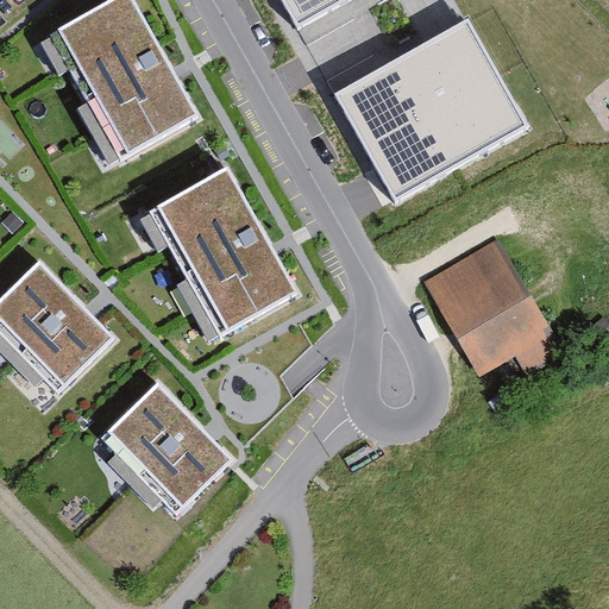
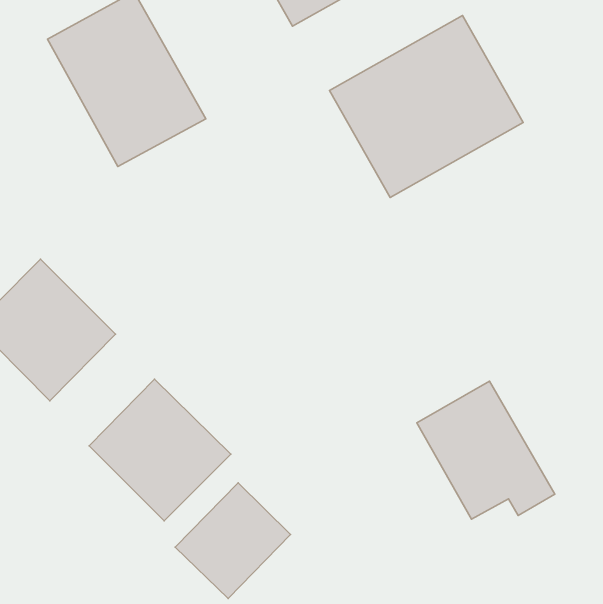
building: [146,171,301,346] -> none
building: [420,240,558,378] -> [417,381,555,519]
building: none -> [175,483,290,599]

